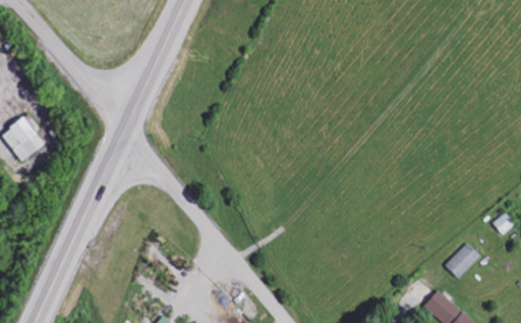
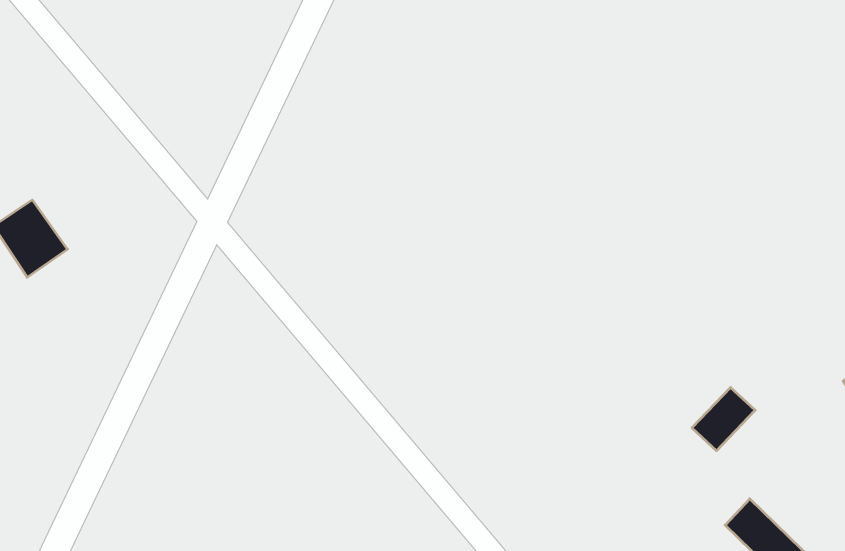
building: [445,243,481,279] -> [692,387,755,451]

